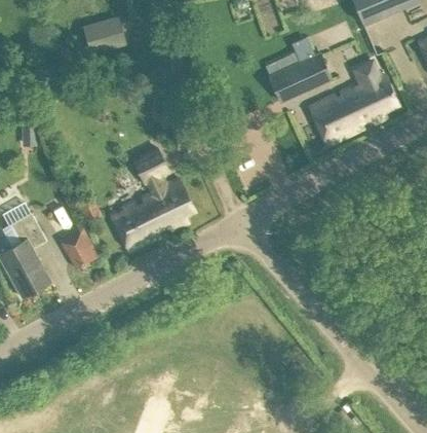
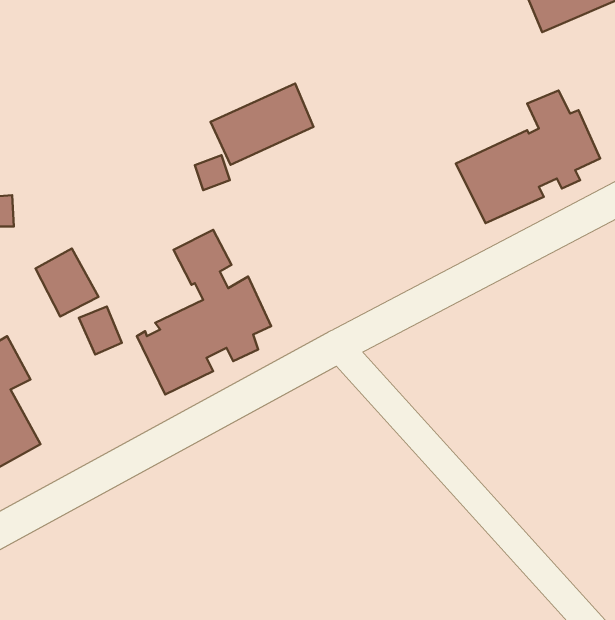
building: [82,15,126,55] -> none
building: [268,51,332,102] -> [211,83,314,165]
building: [60,226,99,268] -> [35,249,98,317]

